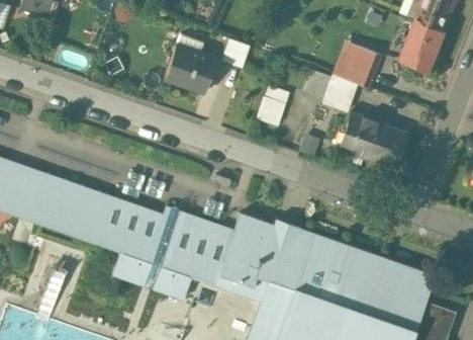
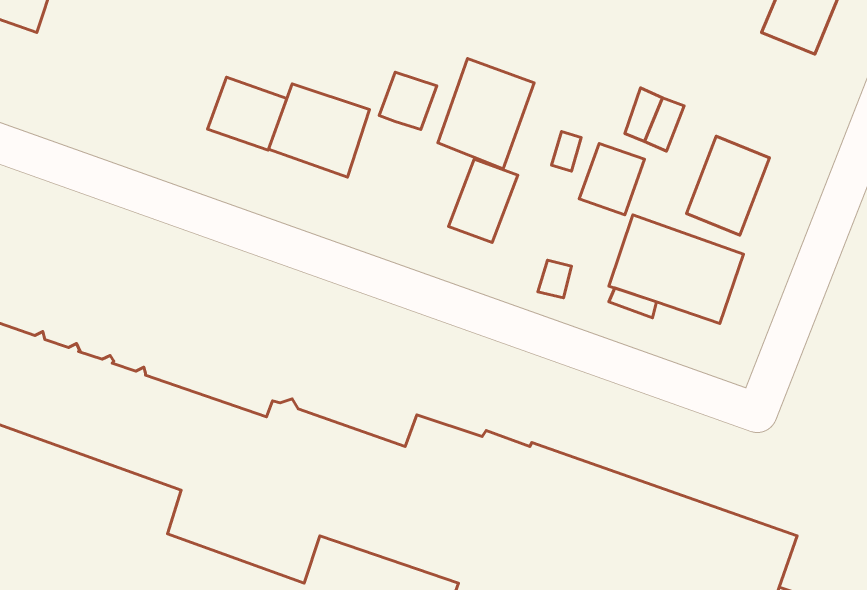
building: [400,18,443,69] -> [686,136,770,235]
building: none -> [438,59,534,169]
building: none -> [208,77,287,150]

